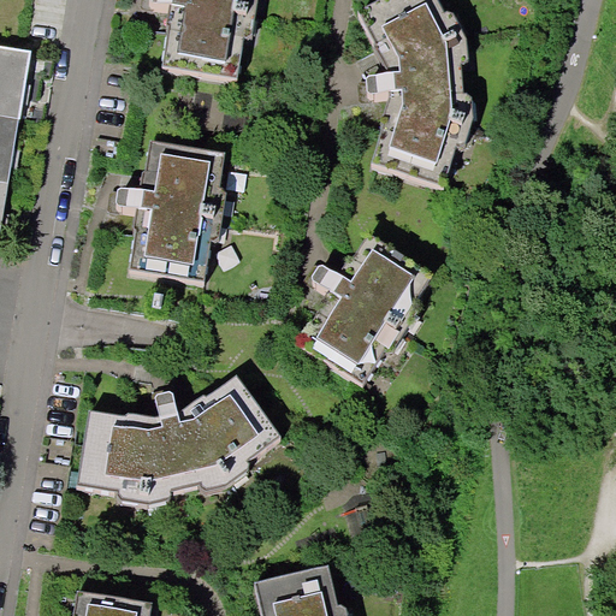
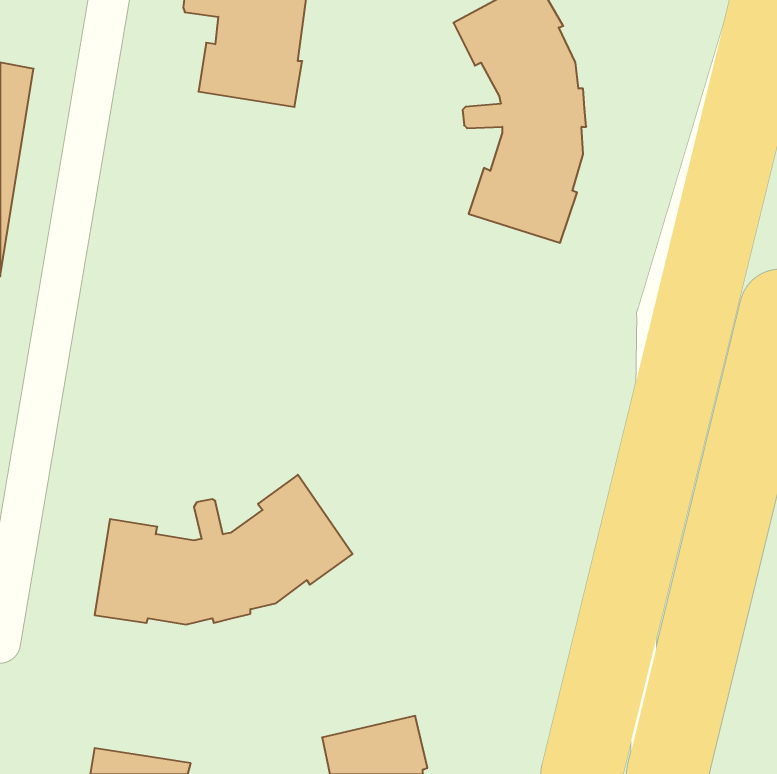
building: [114,146,224,288] -> none
building: [297,237,432,391] -> none

